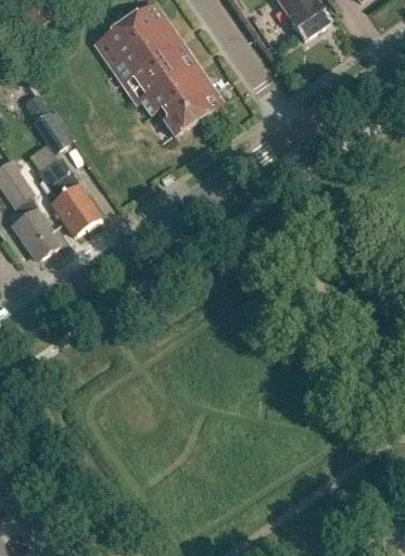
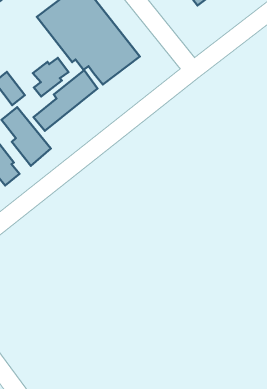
building: none -> [33,58,69,97]
building: none -> [34,70,97,131]

